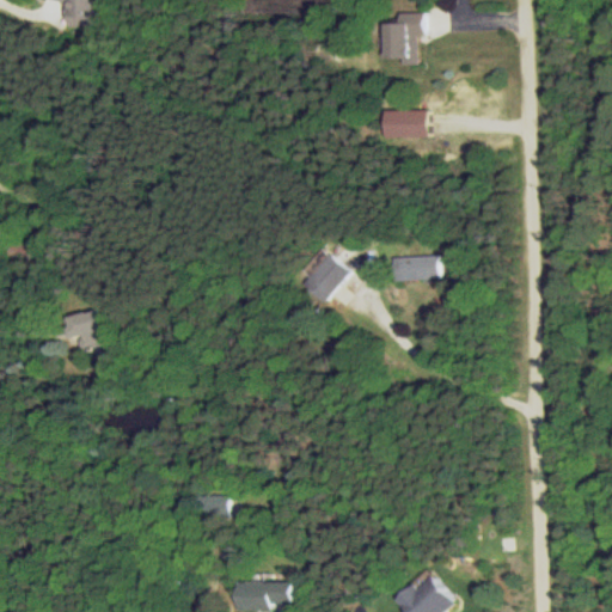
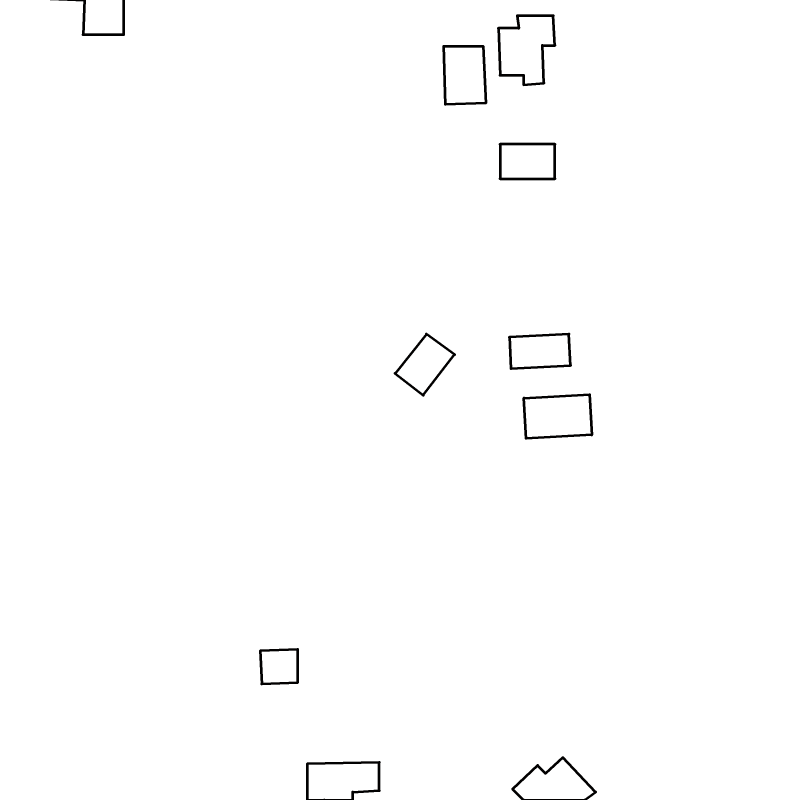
building: none -> [444,46,486,104]
building: none -> [524,395,592,438]
building: [66,308,109,351] -> none

